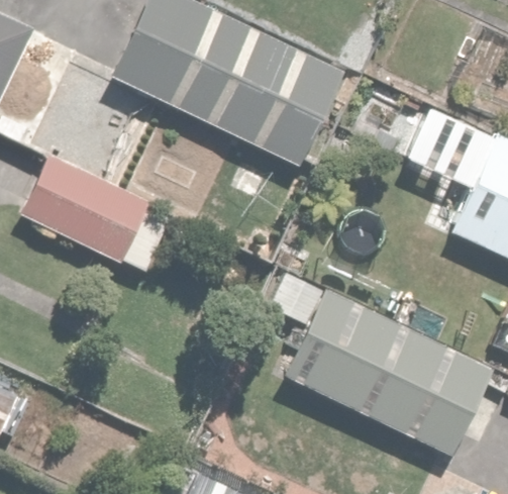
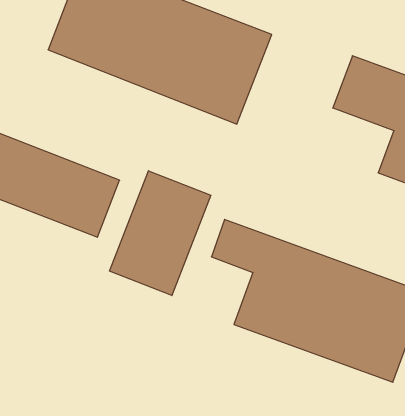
building: none -> [109,171,211,296]

